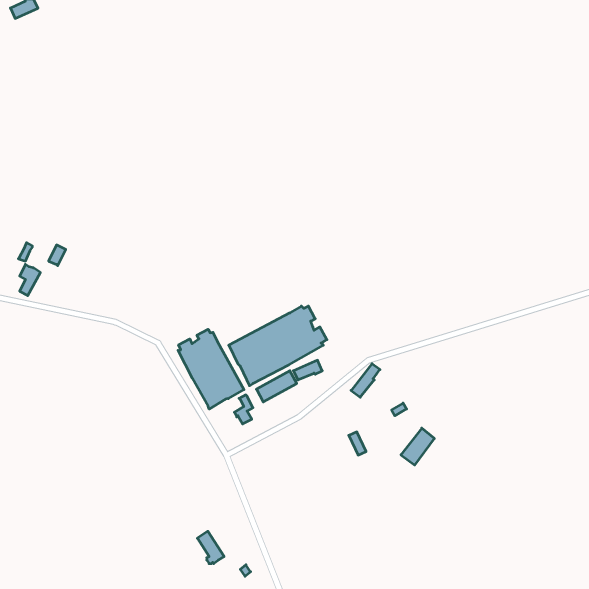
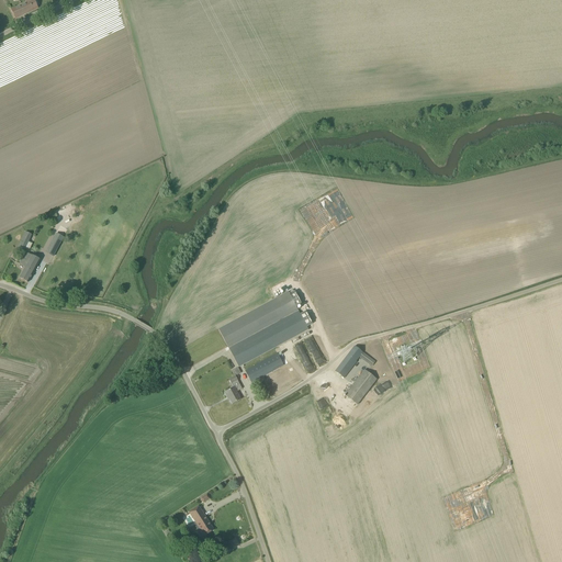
building: [178,329,244,409] -> none
building: [401,428,434,465] -> [344,369,375,404]

